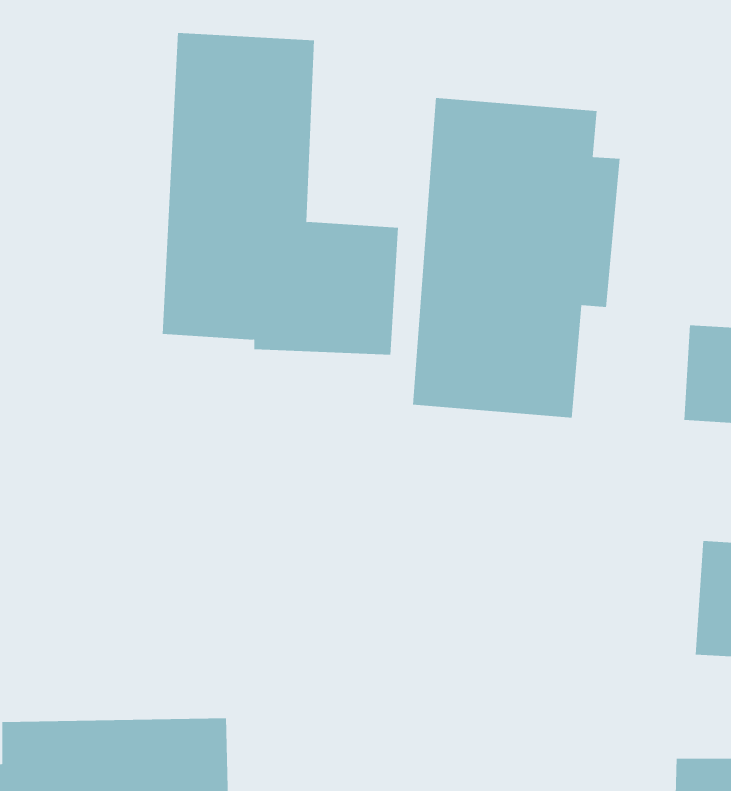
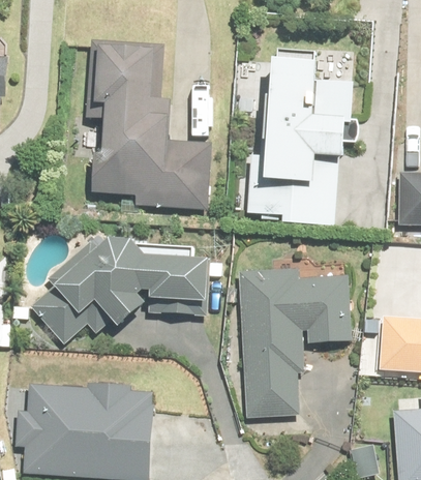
building: none -> [36,227,217,341]
building: none -> [241,252,366,400]

